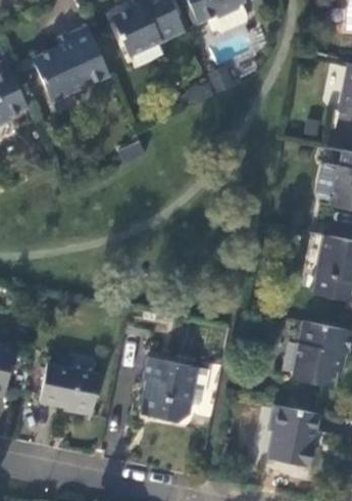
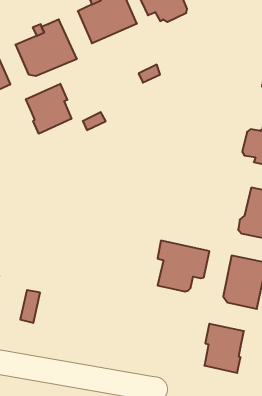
building: none -> [26,84,71,134]
building: [144,358,208,421] -> [158,241,209,291]
building: [56,367,99,414] -> none

